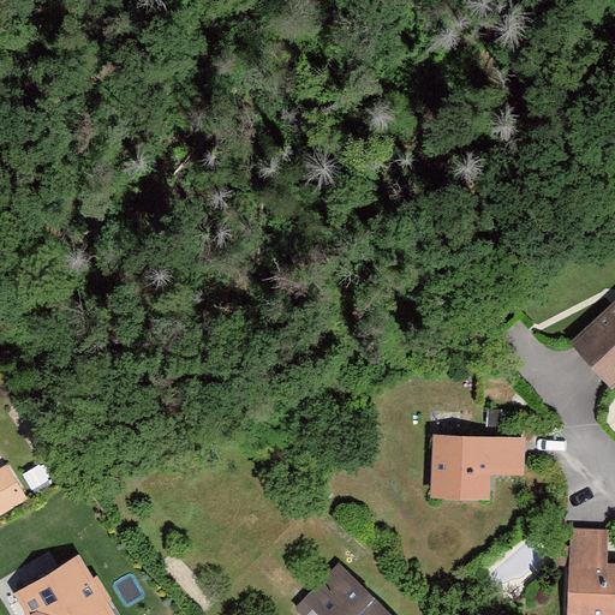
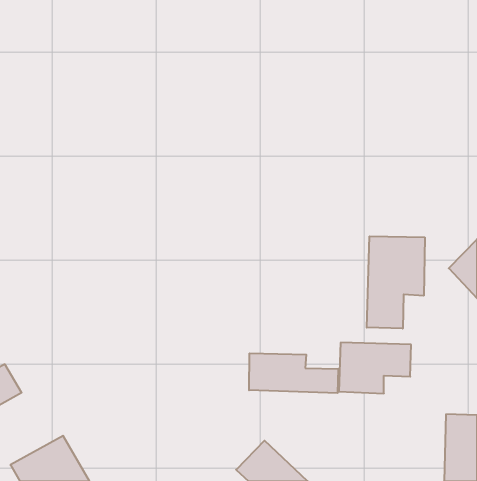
building: none -> [367,236,425,329]
building: none -> [249,353,338,393]

